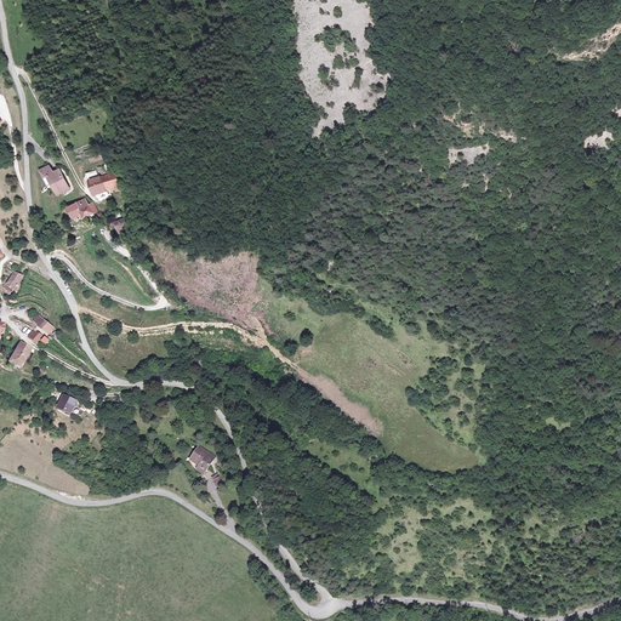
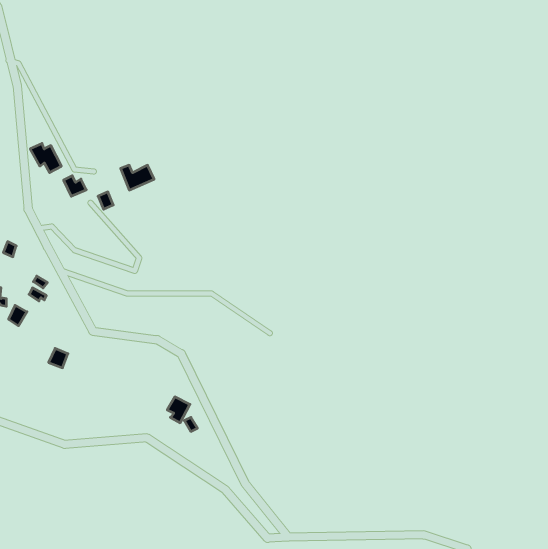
building: [82,167,120,195] -> [121,165,154,190]

